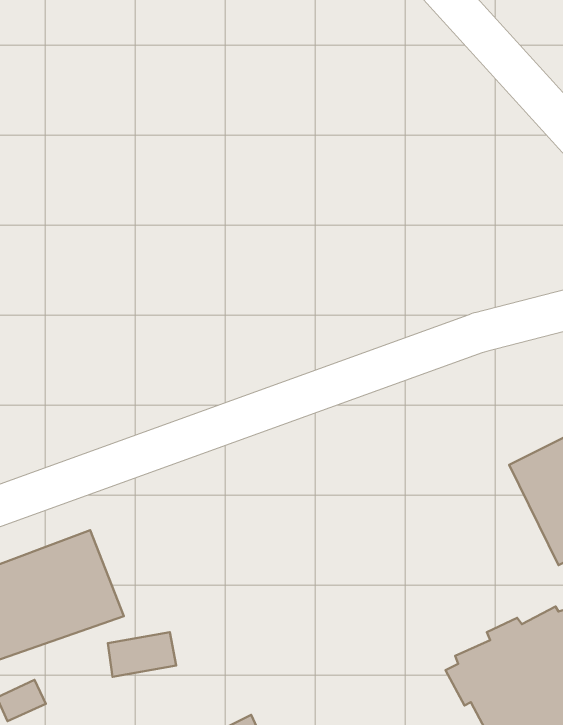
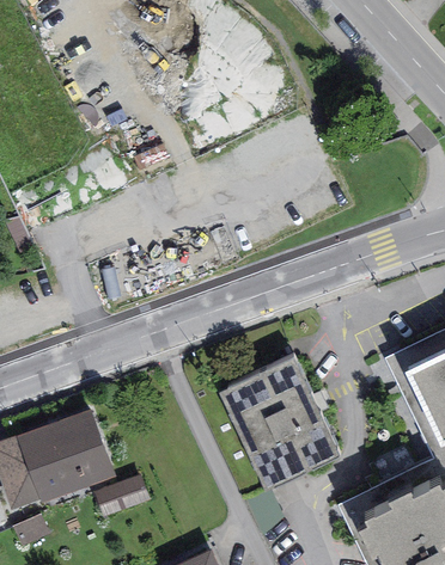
building: none -> [215,352,337,485]

